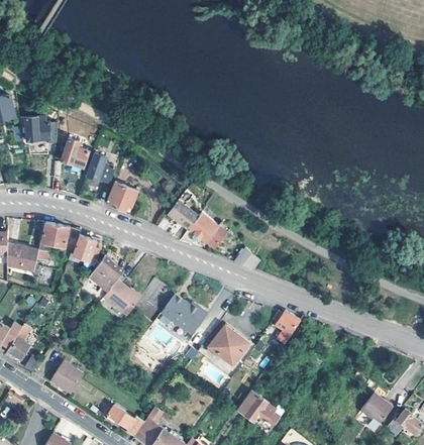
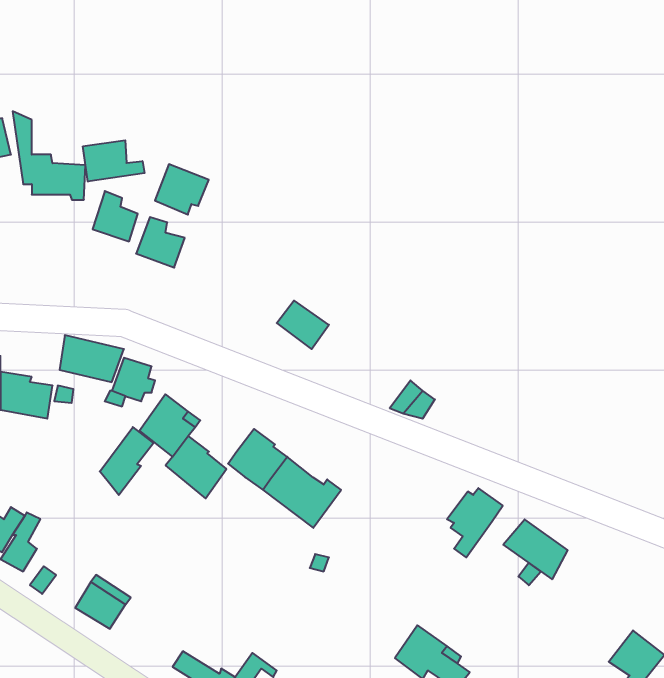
building: none -> [83,140,145,182]
building: [106,182,137,211] -> [155,164,209,215]
building: [188,213,226,248] -> none
building: none -> [100,427,153,495]
building: [208,326,254,369] -> none
building: none -> [503,519,568,579]

